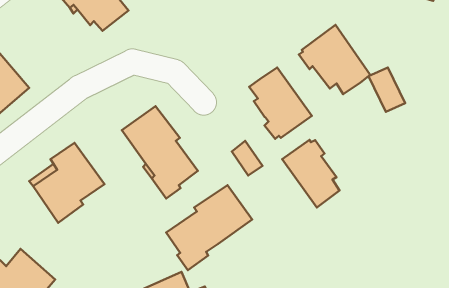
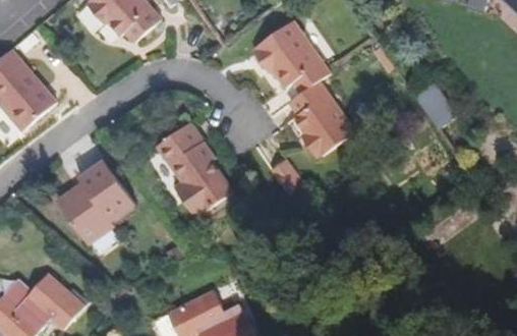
building: [299,25,370,94] -> [252,20,328,94]
building: [282,140,340,208] -> none
building: [166,185,252,270] -> none

